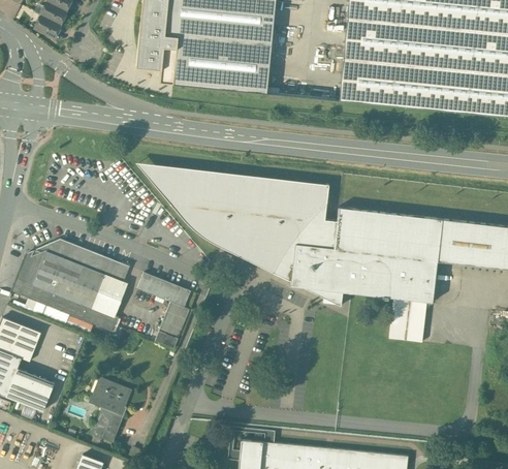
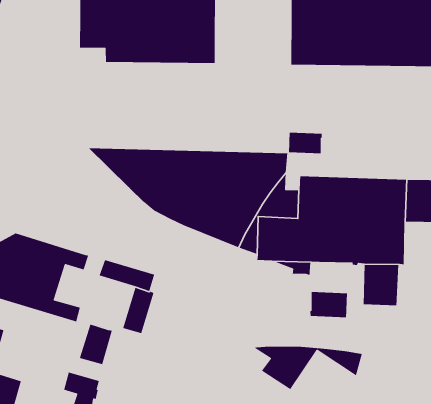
building: none -> [288,132,323,154]
building: [92,274,127,315] -> [79,324,113,365]
building: none -> [310,291,348,318]
building: none -> [253,346,363,390]

